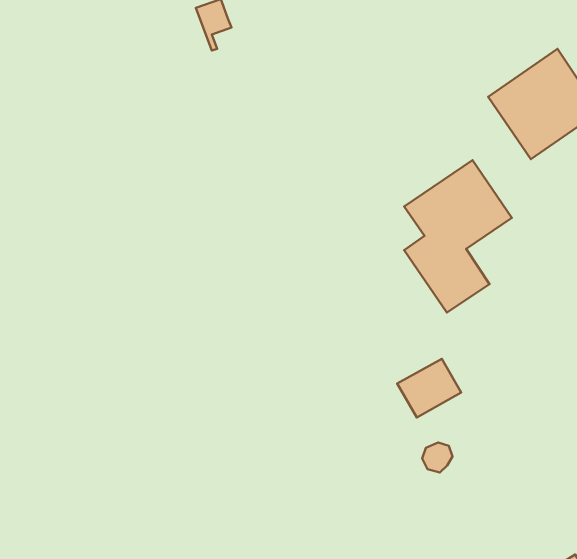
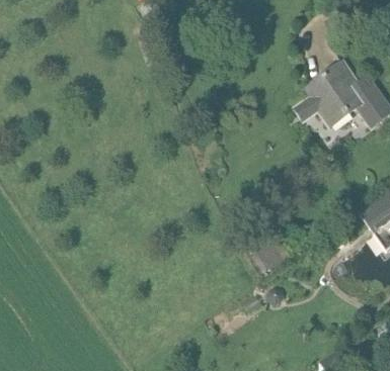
building: [404,160,512,313] -> none

